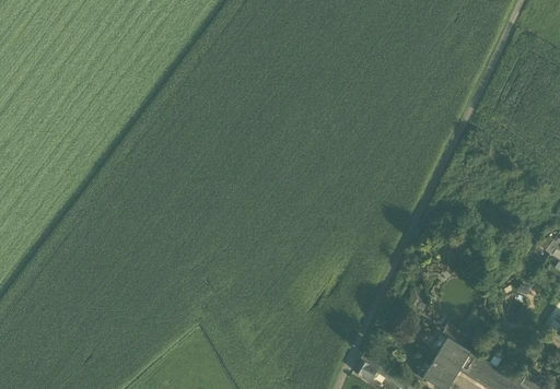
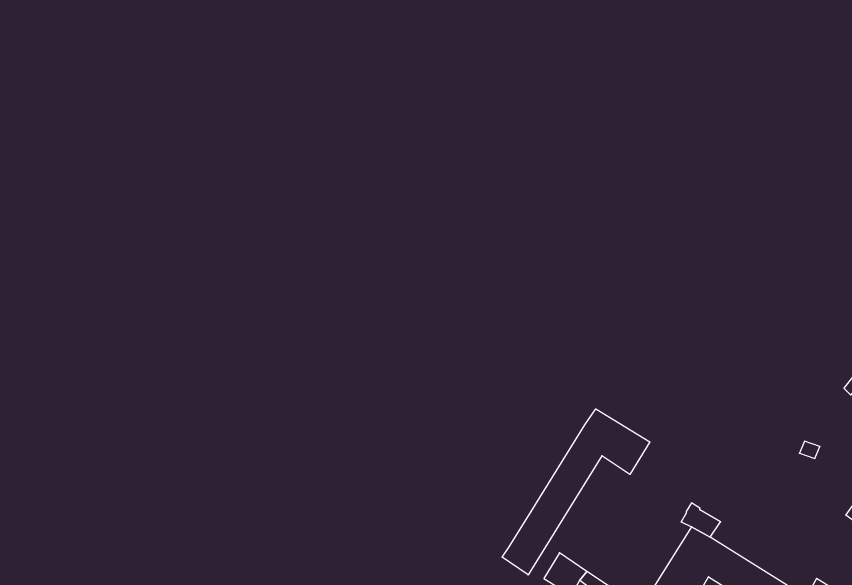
building: none -> [502,409,650,575]

